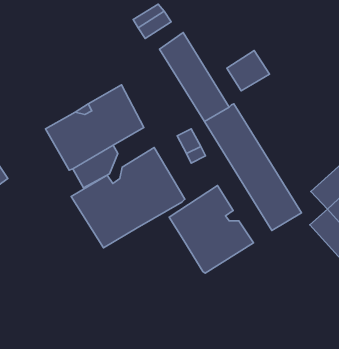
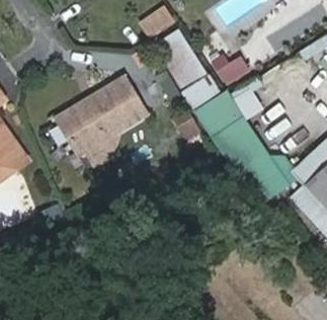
building: [71,148,185,248] -> none
building: [169,186,253,273] -> none

